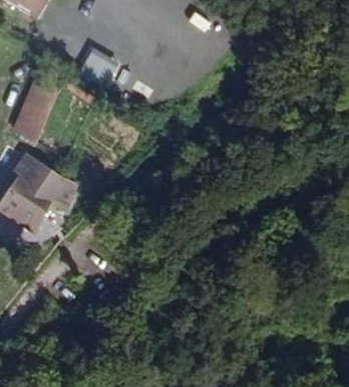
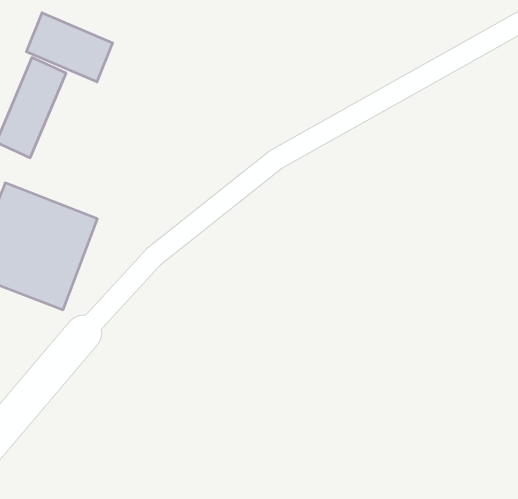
building: none -> [26,13,113,82]

